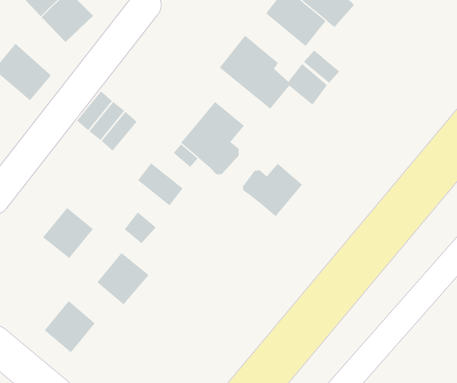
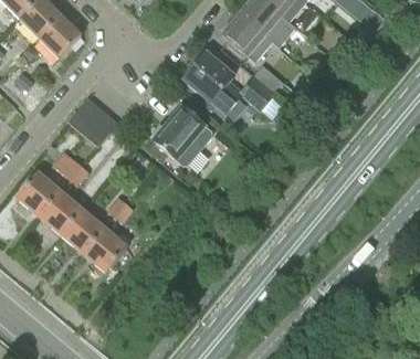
building: [137,163,183,206] -> [51,151,88,187]
building: [242,163,303,218] -> none
building: none -> [17,173,60,218]
building: [44,300,96,353] -> [62,211,104,254]

